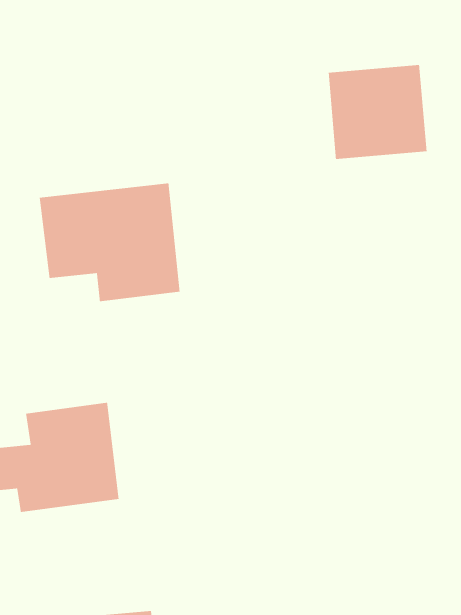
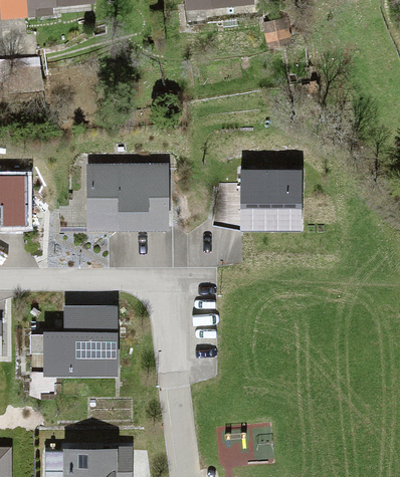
building: [328,64,427,160] -> [238,172,302,232]

